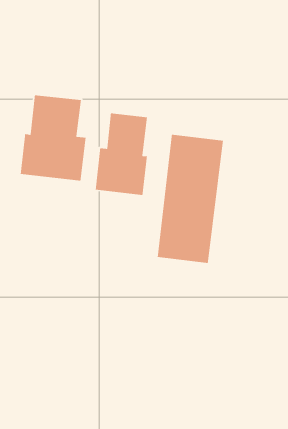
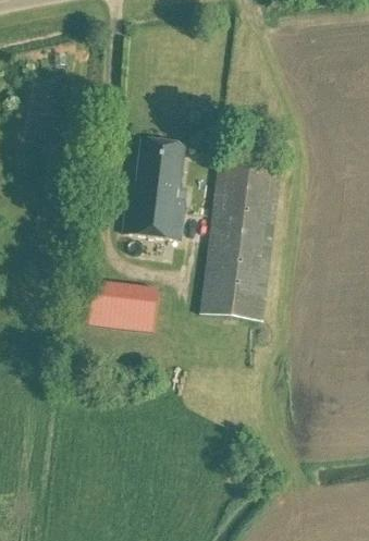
building: [20,94,86,181] -> none

